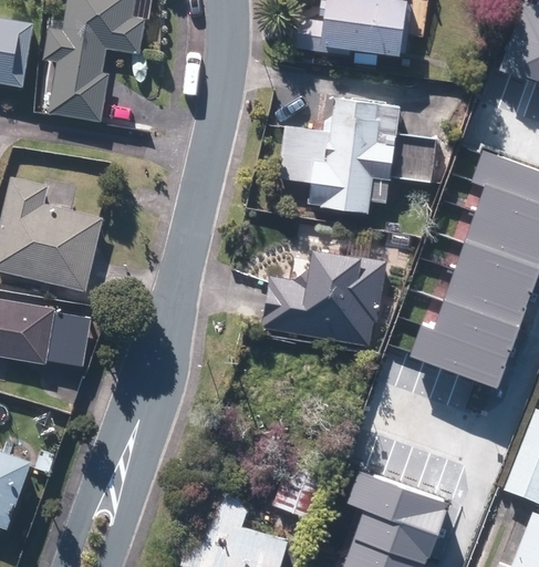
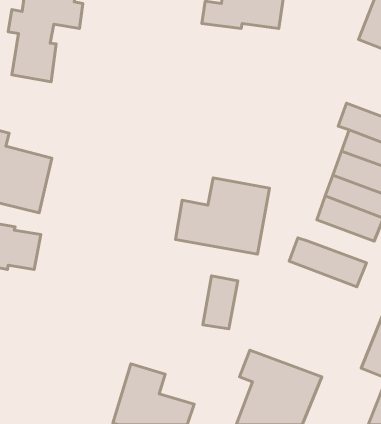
building: [278,97,434,209] -> none
building: [434,301,519,357] -> none
building: none -> [203,276,238,329]

